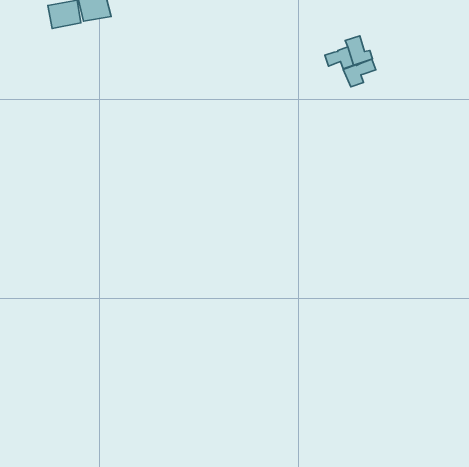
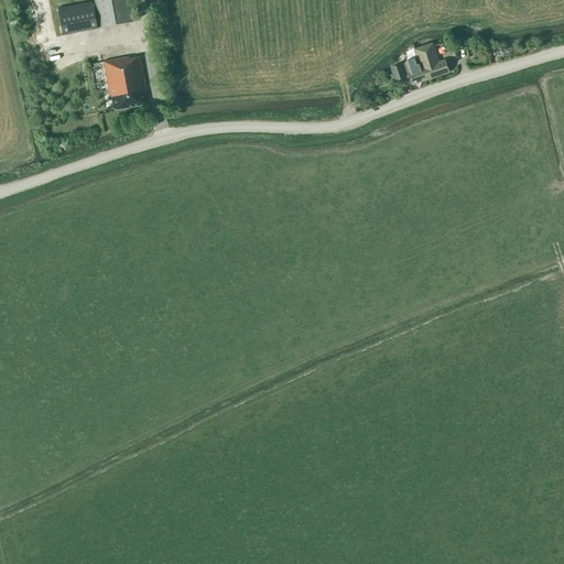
building: none -> [90,54,147,108]
building: [343,59,376,87] -> none

